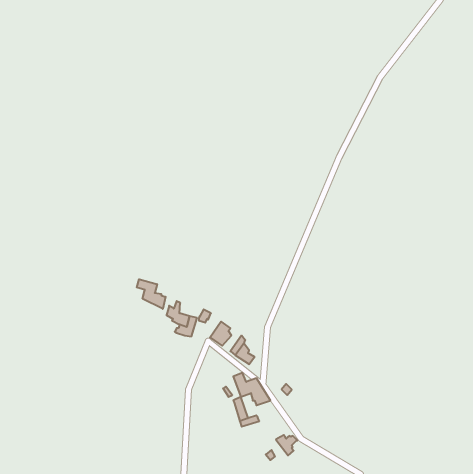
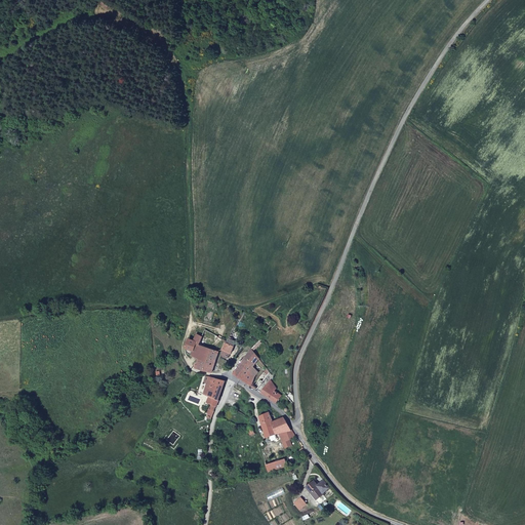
building: [137,279,166,309] -> none
building: none -> [202,375,224,417]

